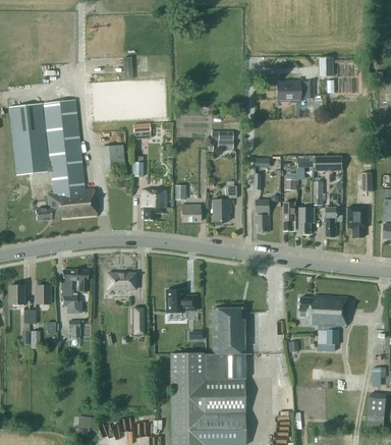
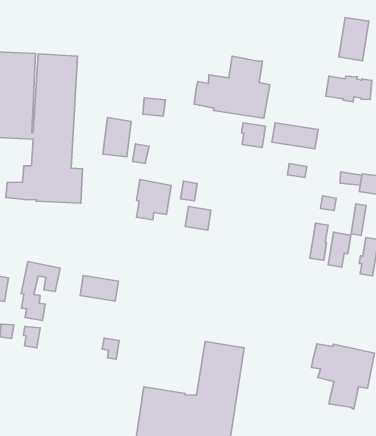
building: none -> [339,17,369,61]
building: none -> [194,56,270,118]
building: none -> [272,123,318,149]
building: [213,186,236,224] -> none
building: [257,200,271,231] -> none
building: [167,289,197,313] -> none

